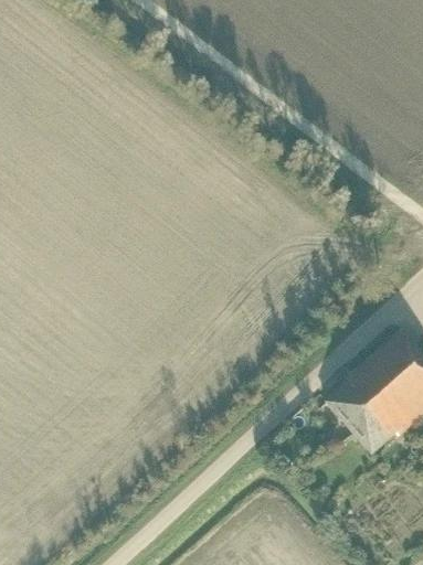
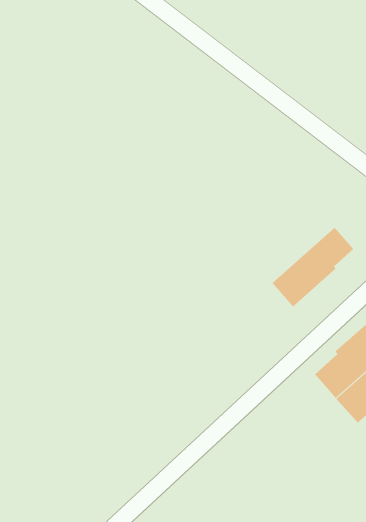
building: none -> [271,227,354,308]

